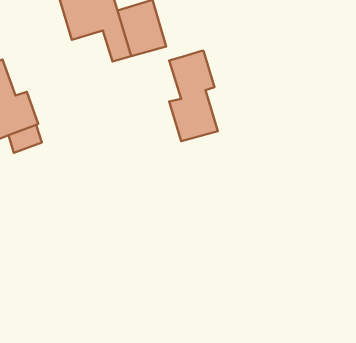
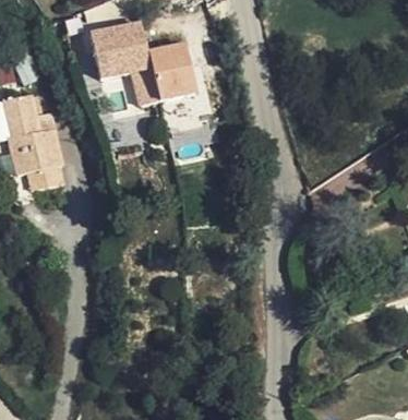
building: [169,51,218,141] -> none

